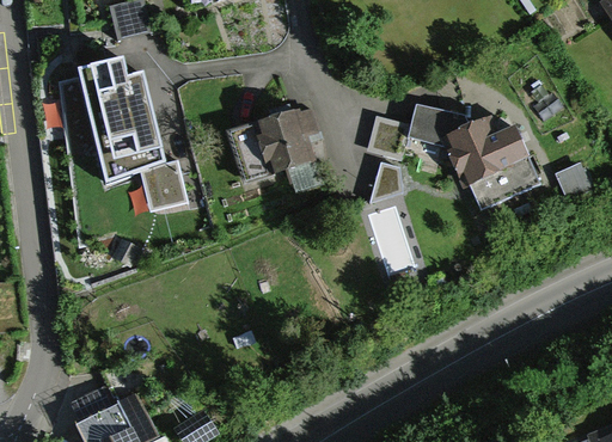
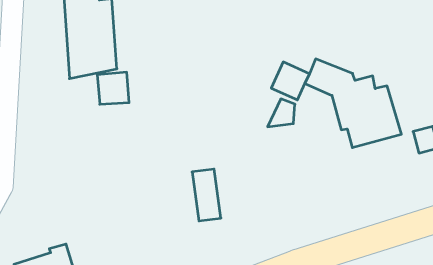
building: [227,108,322,186] -> none
building: [371,205,417,275] -> [192,169,221,221]

